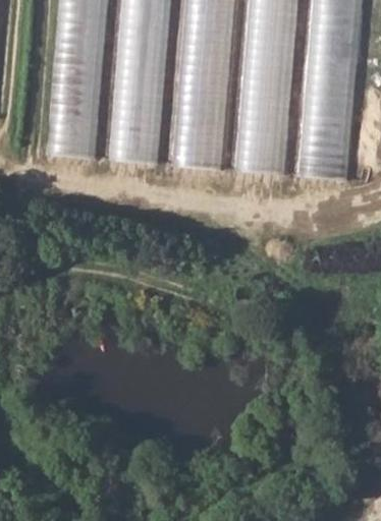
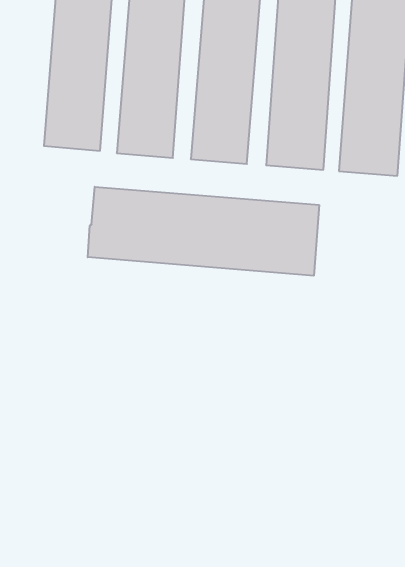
building: none -> [88,187,319,276]

